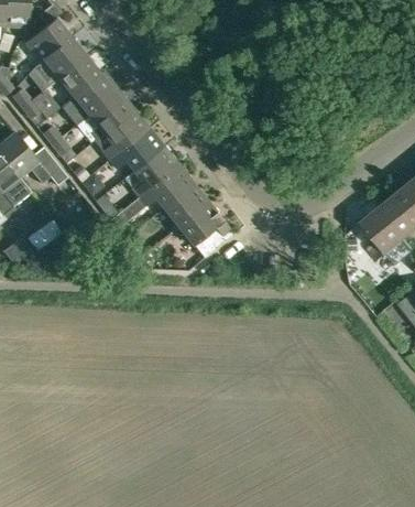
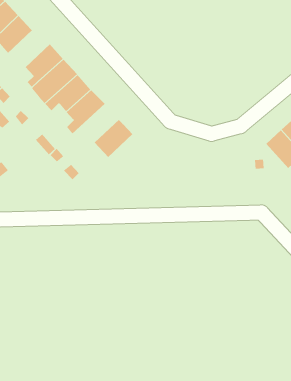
building: [69,71,119,116] -> none
building: [138,164,193,208] -> none
building: [177,202,231,256] -> none

